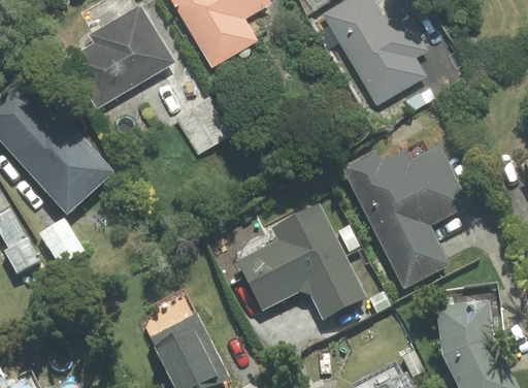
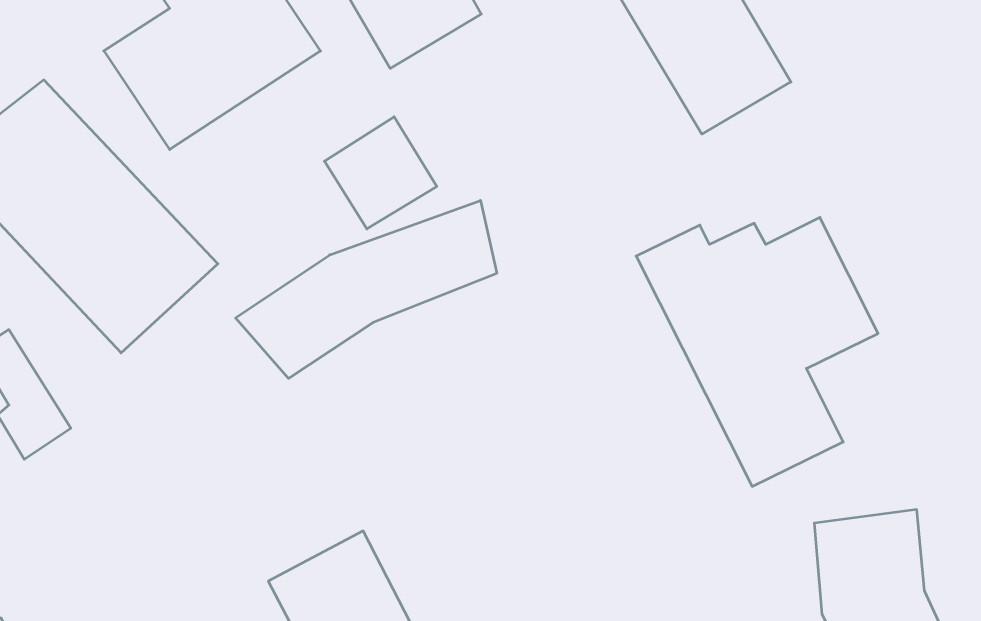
building: none -> [236,200,497,378]
building: [236,194,367,323] -> none

